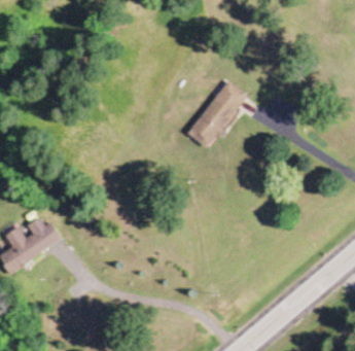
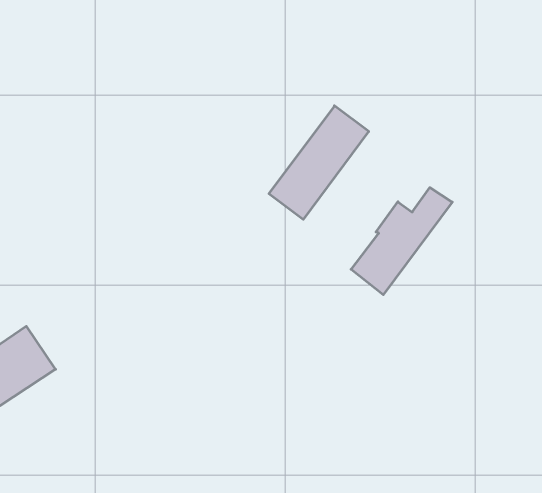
building: none -> [351,188,452,295]

